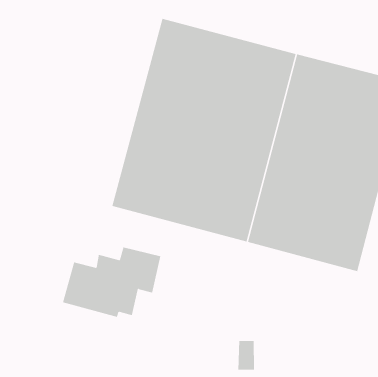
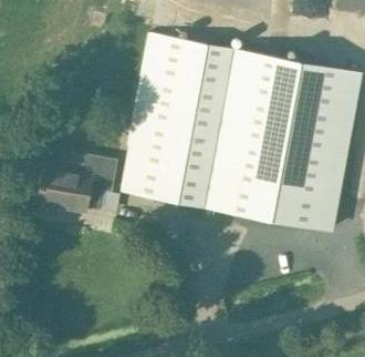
building: [62,247,161,317] -> [40,154,118,213]

